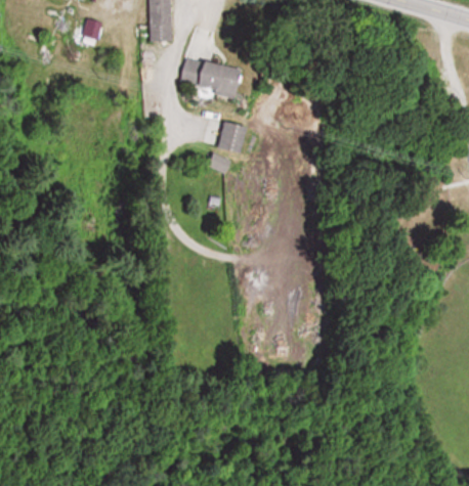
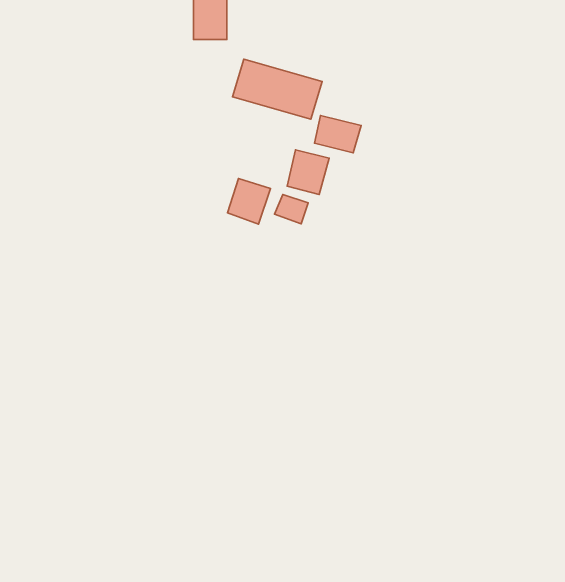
building: none -> [314,115,361,153]
building: none -> [227,179,270,224]

